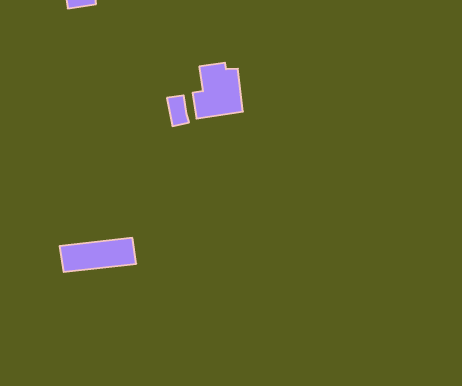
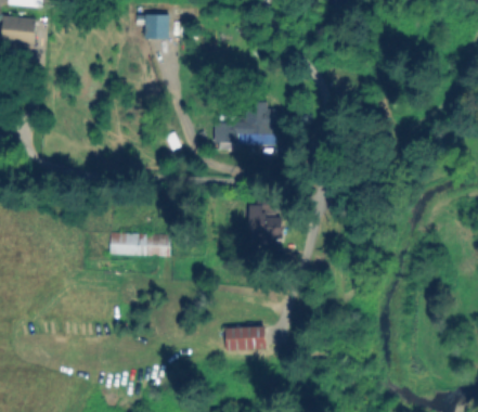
building: none -> [249,204,282,244]
building: none -> [224,325,267,349]

